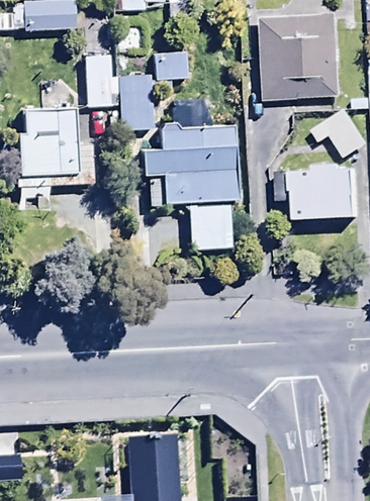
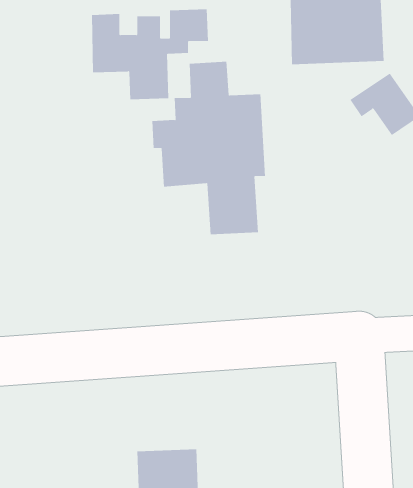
building: [15,84,93,213] -> none
building: [280,169,359,219] -> none

